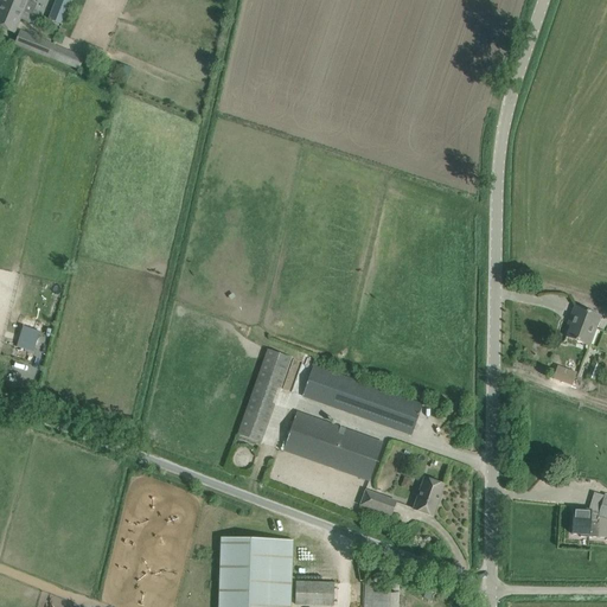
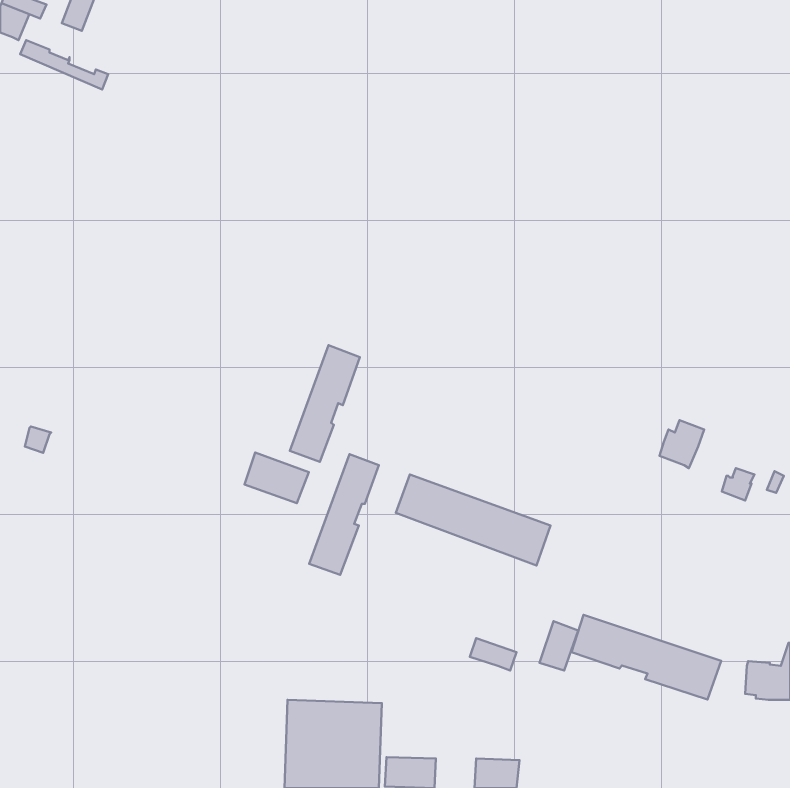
building: none -> [290,345,360,462]
building: [567,308,601,345] -> [659,420,704,468]
building: none -> [245,453,309,503]
building: [283,410,383,480] -> none
building: none -> [571,615,721,699]

